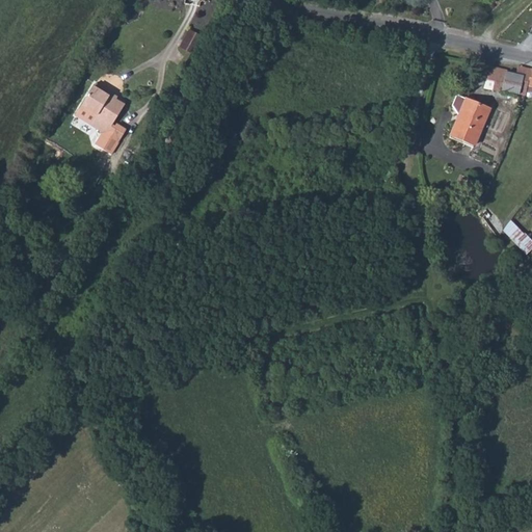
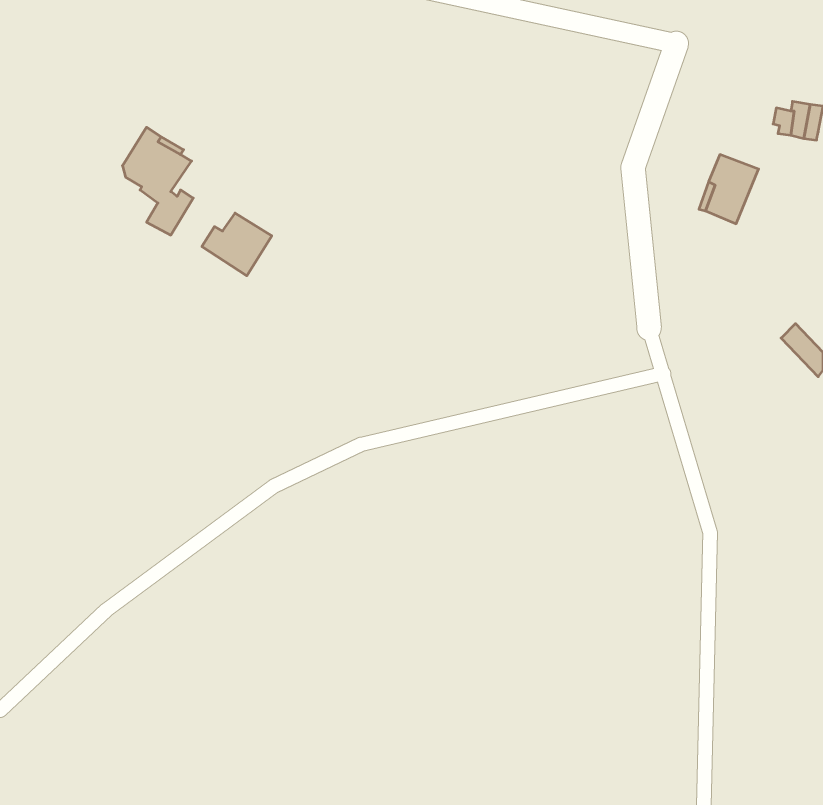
building: [487,68,527,97] -> none
building: none -> [202,213,272,276]

